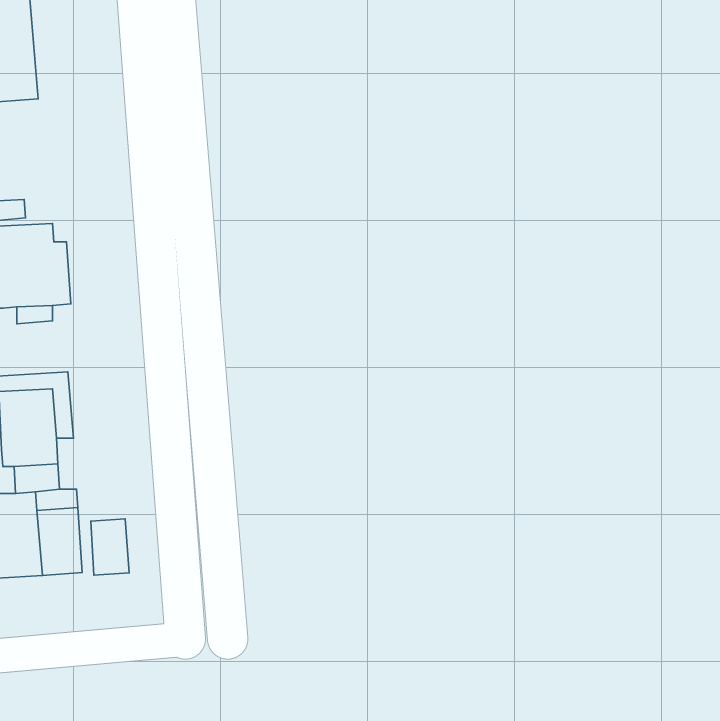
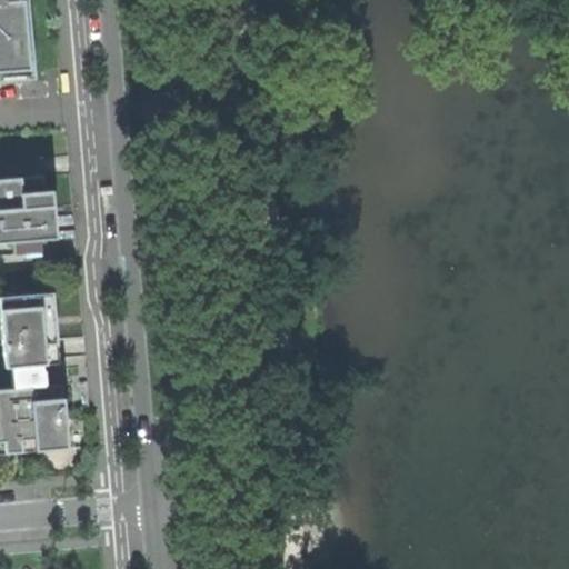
building: [91,519,129,575] -> none

